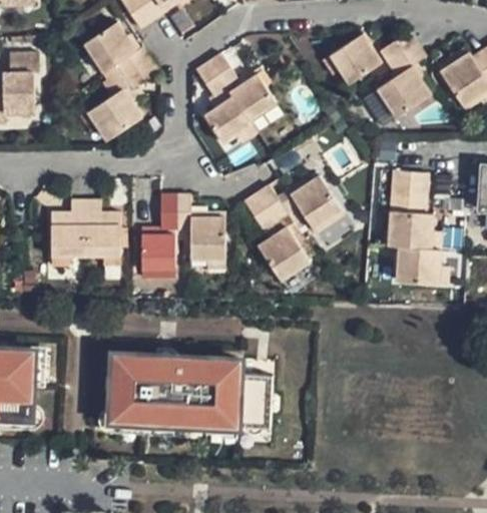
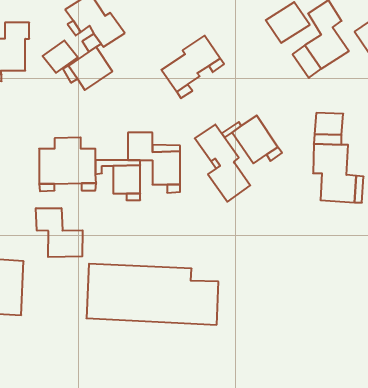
building: [194,52,238,97] -> none
building: none -> [43,40,78,73]
building: none -> [36,208,83,257]

